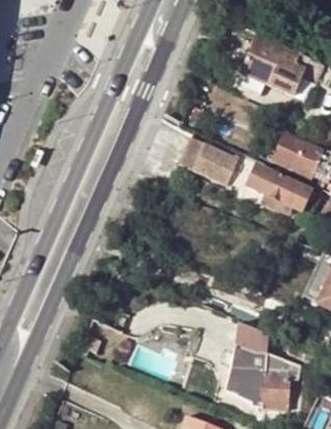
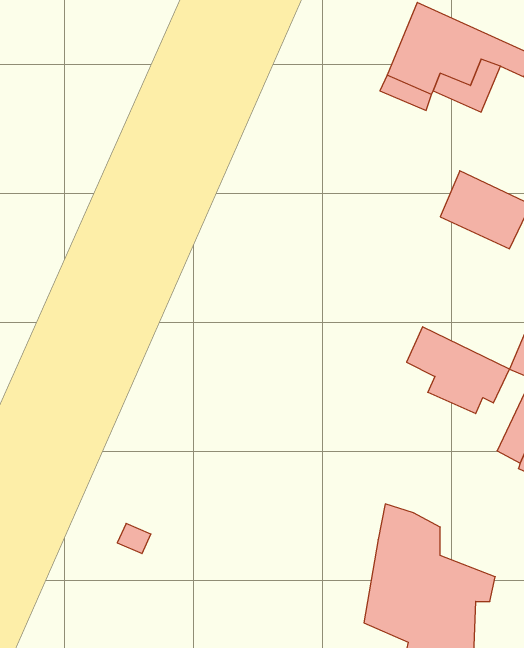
building: [188,139,249,188] -> none
building: [258,167,318,218] -> [407,327,509,414]

